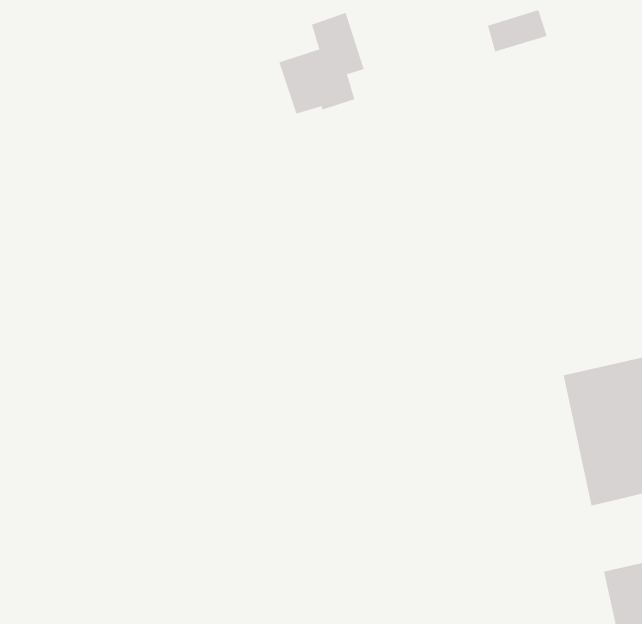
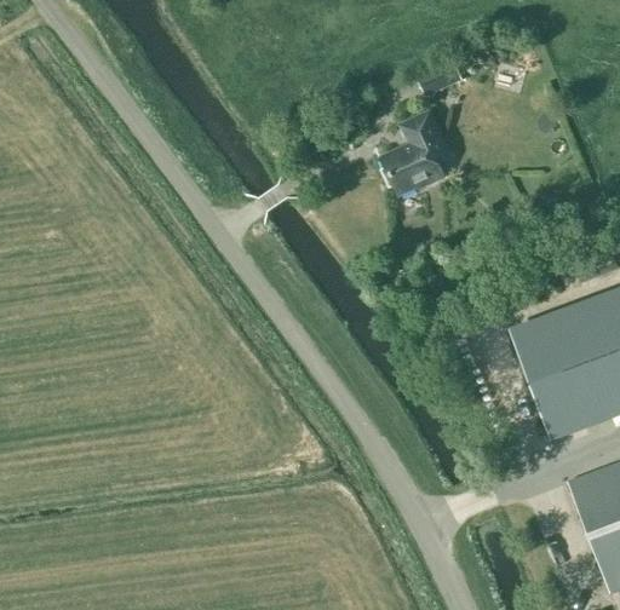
building: [278,12,365,114] -> [379,111,446,195]

